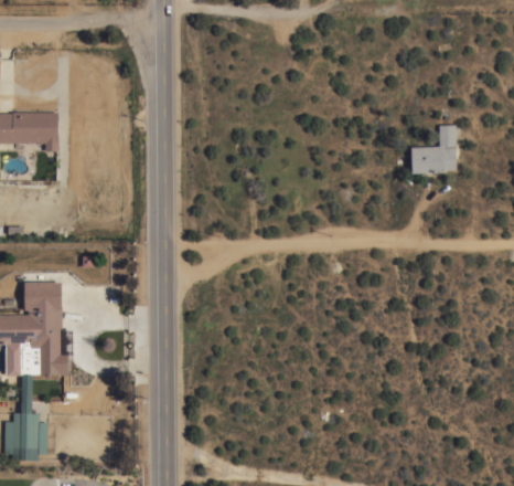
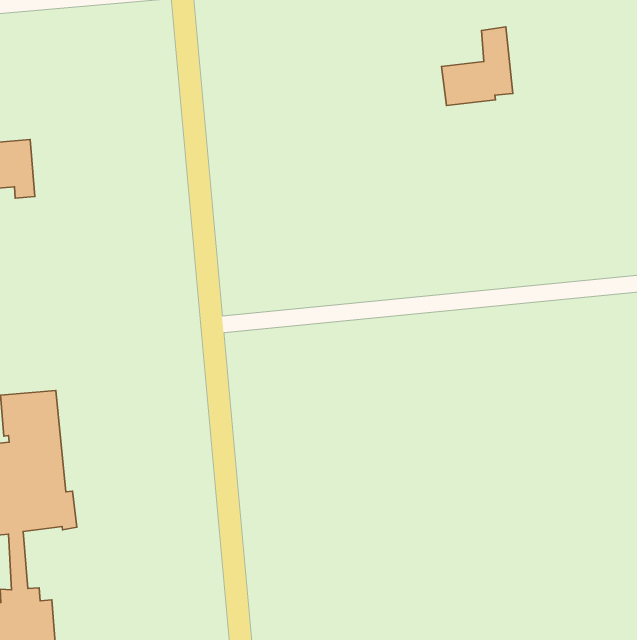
building: [409,124,456,173] -> [442,27,513,106]

